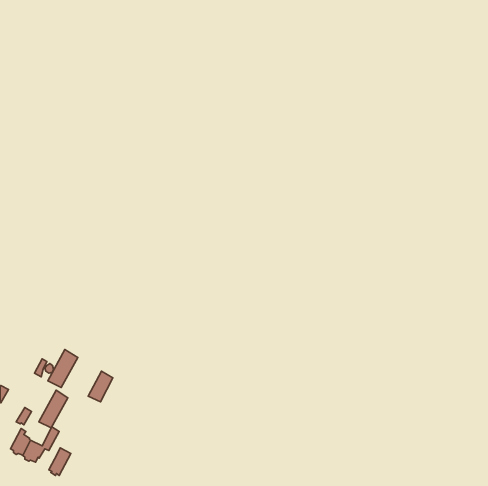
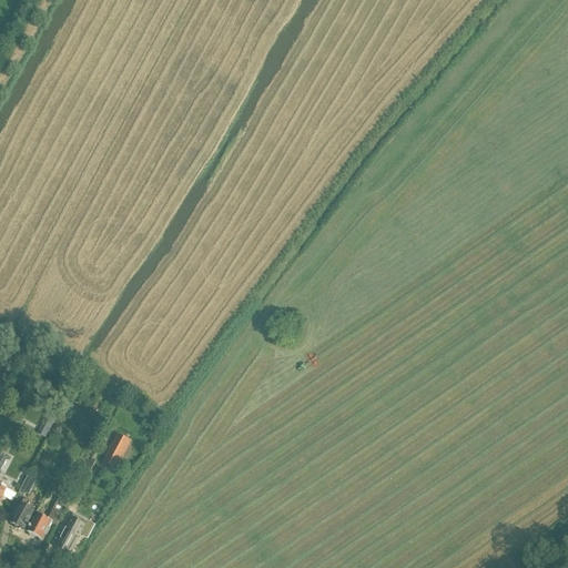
building: [48,349,78,387] -> none
building: [39,390,68,428] -> none

